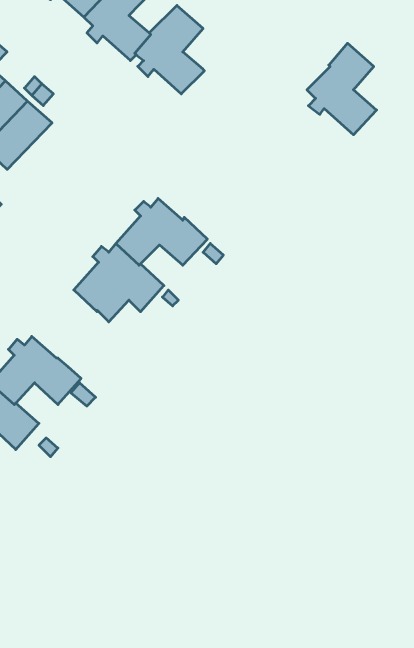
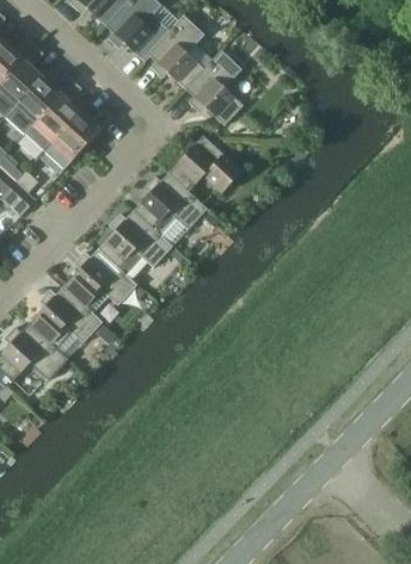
building: [307,43,377,135] -> [185,50,243,125]
building: none -> [42,110,110,168]
building: none -> [166,135,241,192]
building: none -> [62,249,136,312]

